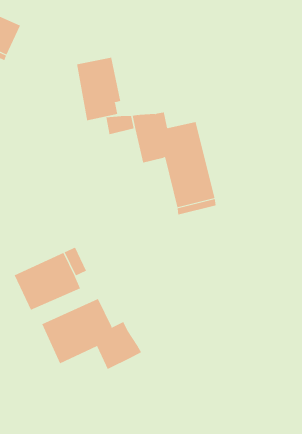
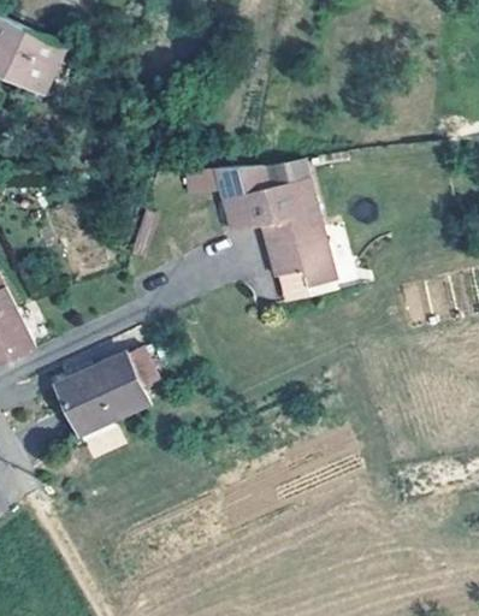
building: [76,57,121,121] -> none
building: [42,298,142,370] -> none

